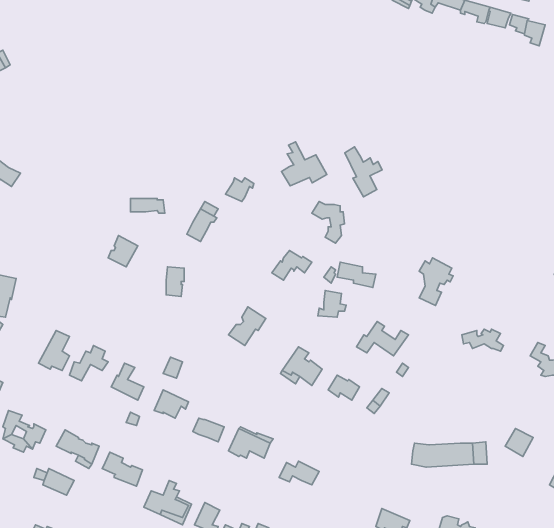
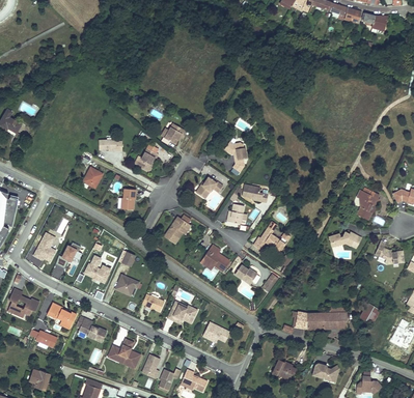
building: [281,142,327,186] -> none
building: [345,147,382,197] -> none
building: [419,258,453,305] -> [356,187,380,220]

